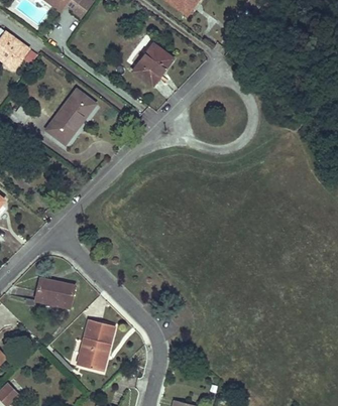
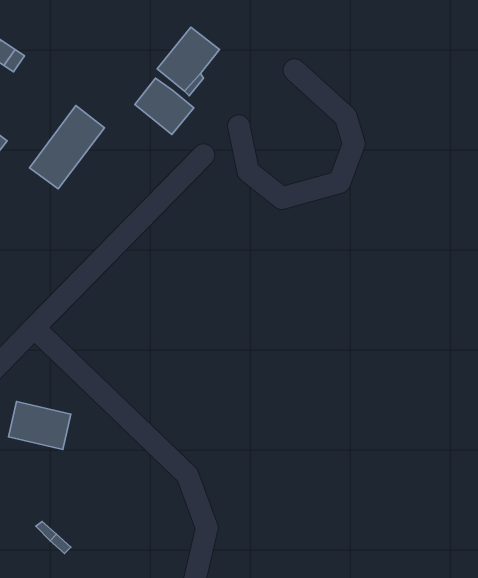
building: none -> [135,78,194,134]
building: [79,320,116,370] -> none

